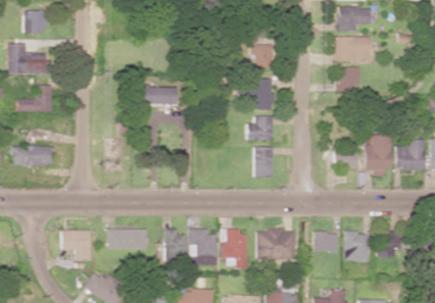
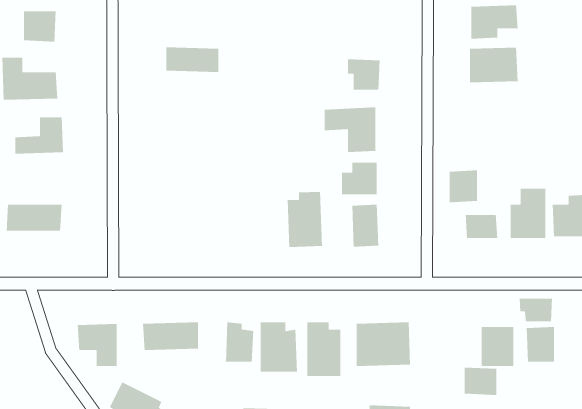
building: [340,66,360,90] -> [449,170,478,203]
building: [136,87,174,105] -> [166,47,219,73]
building: none -> [287,191,323,248]
building: none -> [519,298,553,322]
building: [315,232,338,252] -> [464,367,497,396]

